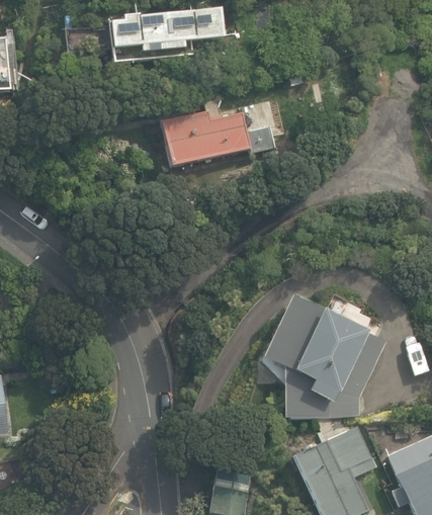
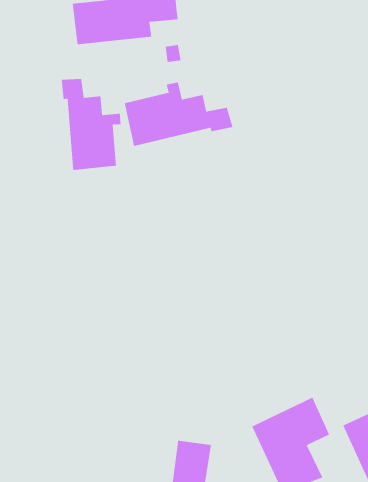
building: none -> [61,78,122,171]
building: [265,297,378,420] -> none

